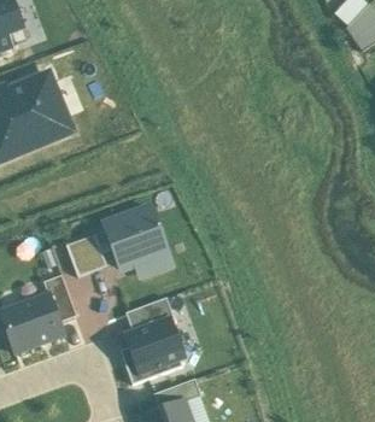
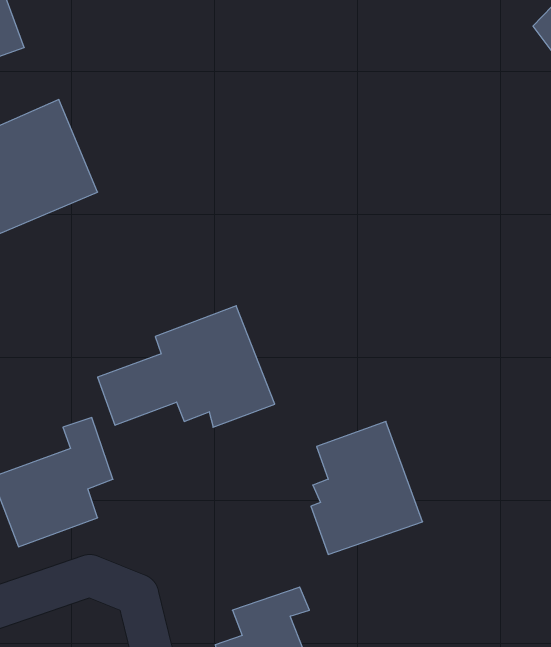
building: [125,295,195,379] -> [311,421,423,554]

